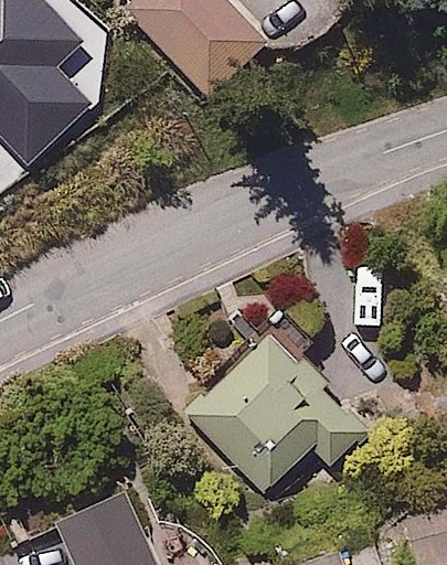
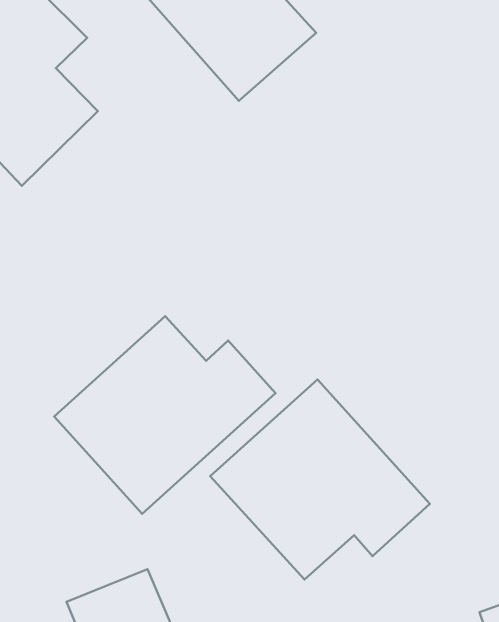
building: none -> [54,316,275,514]

